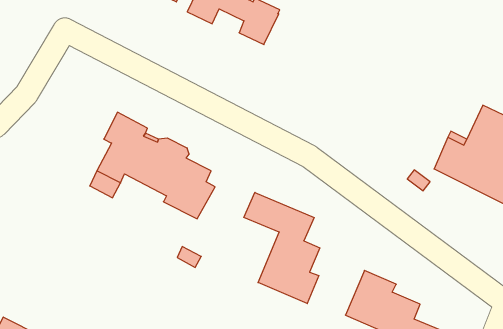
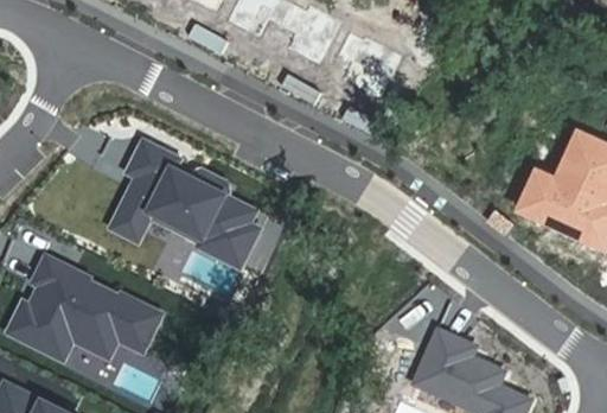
building: [244,192,320,304] -> none
building: none -> [8,255,165,360]

